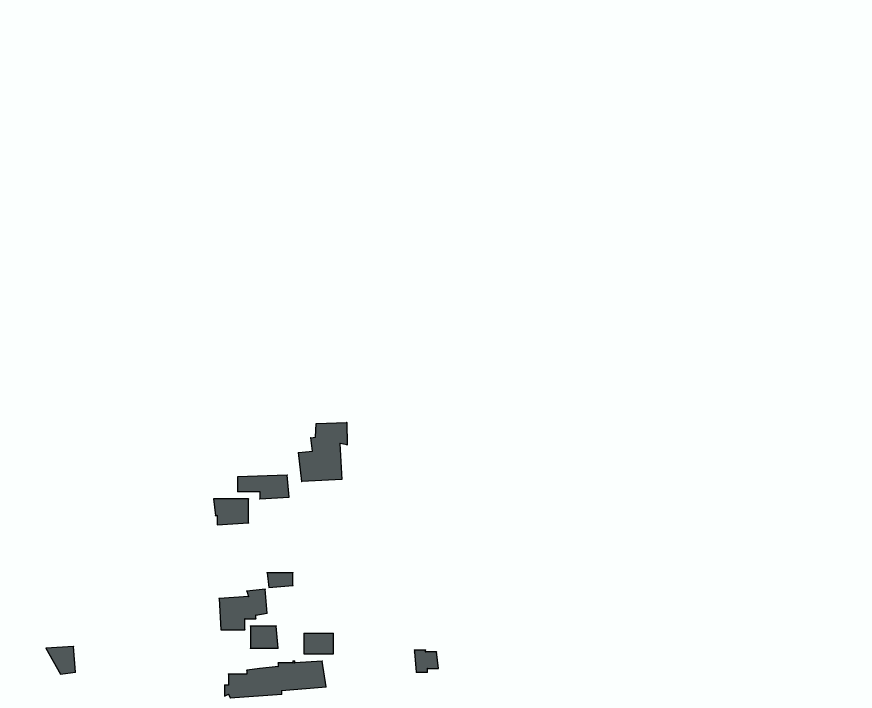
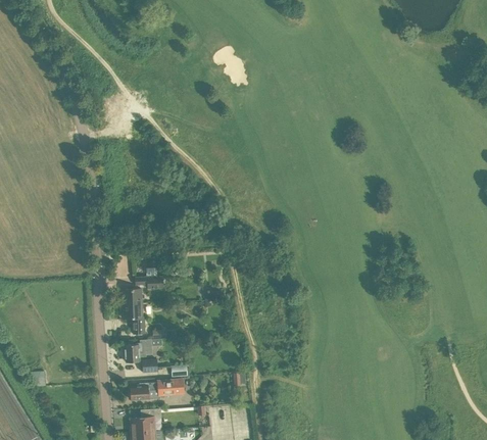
building: [298,422,347,482] -> none
building: none -> [123,302,144,333]

